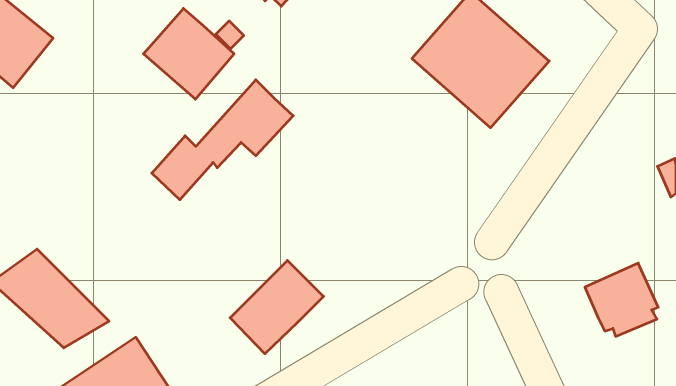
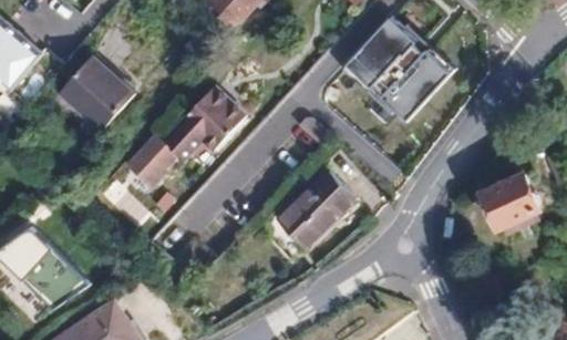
building: [143,8,234,99] -> [58,54,133,130]
building: [230,260,324,354] -> [275,172,352,249]
building: [585,263,658,336] -> [480,172,540,233]

